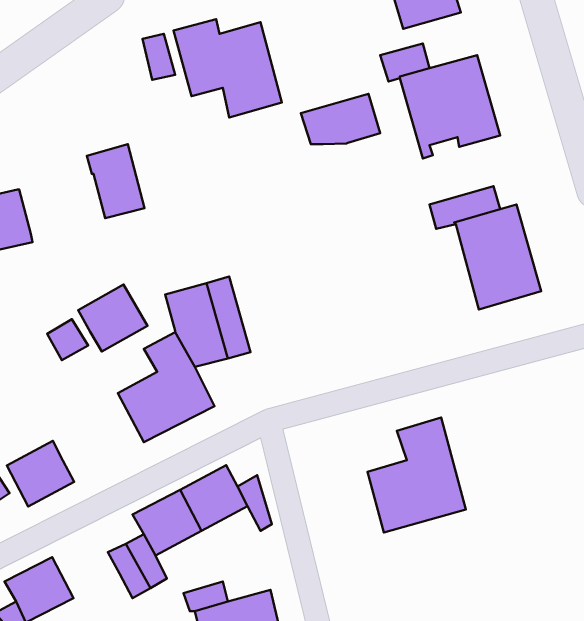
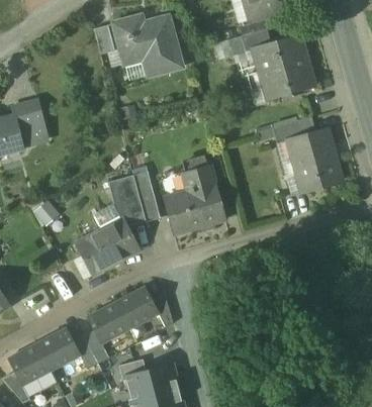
building: [301,94,380,144] -> none
building: [87,144,144,218] -> [13,100,49,145]
building: [78,285,147,351] -> none
building: [367,418,466,532] -> [163,165,223,235]
building: [7,441,74,507] -> [37,329,79,370]

